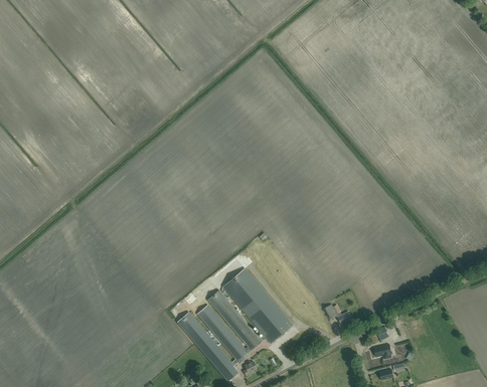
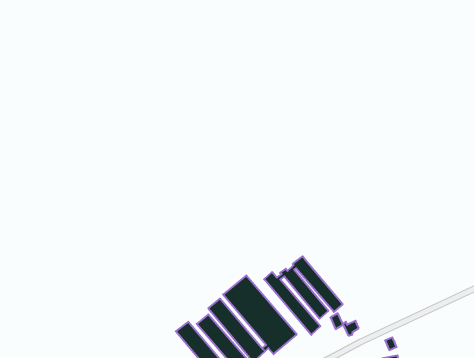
building: none -> [264,256,343,335]

